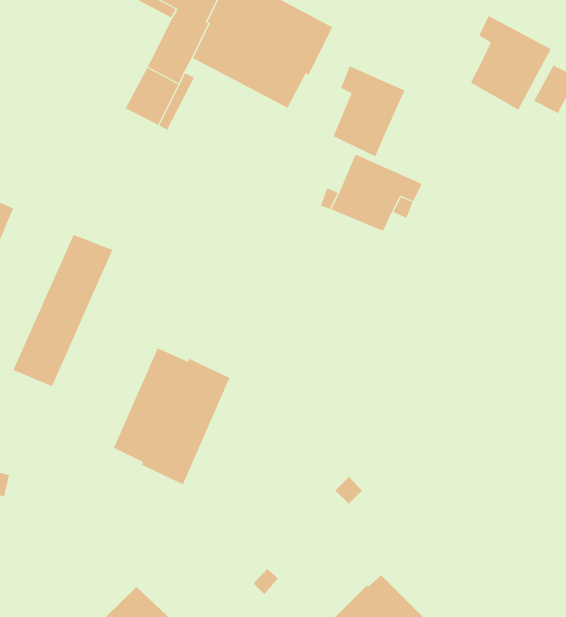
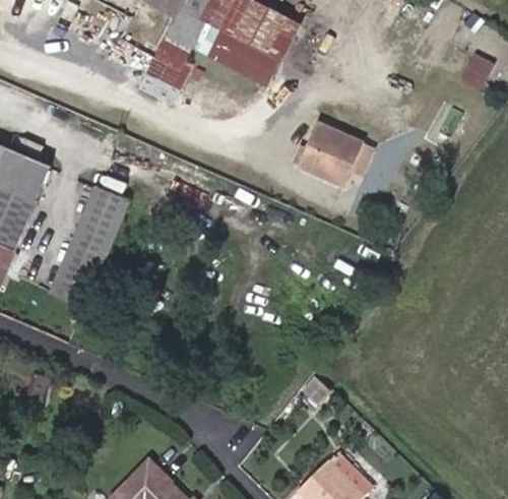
building: [470,15,552,110] -> none
building: [333,66,405,157] -> none
building: [113,348,230,485] -> none

